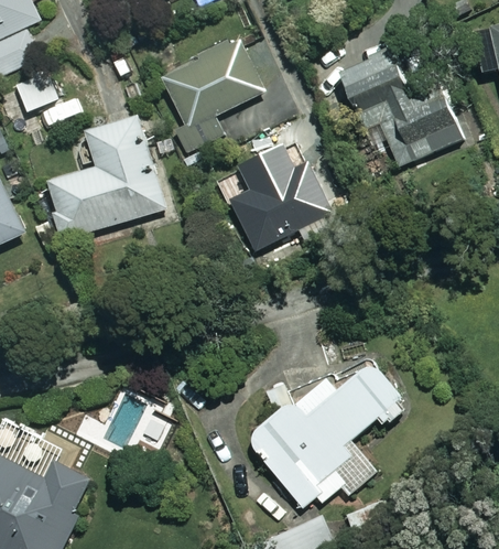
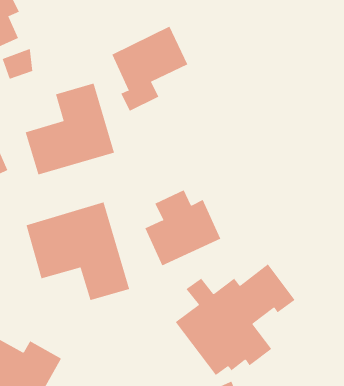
building: [340,39,462,165] -> none
building: [229,148,332,250] -> [145,189,221,266]
building: none -> [26,202,130,301]

